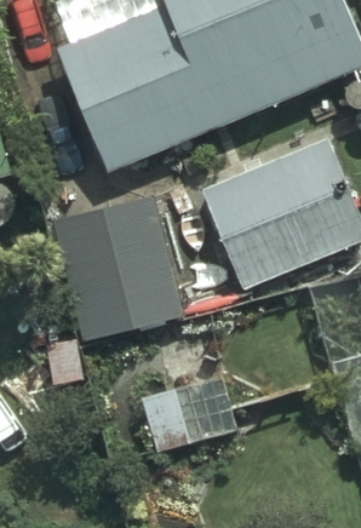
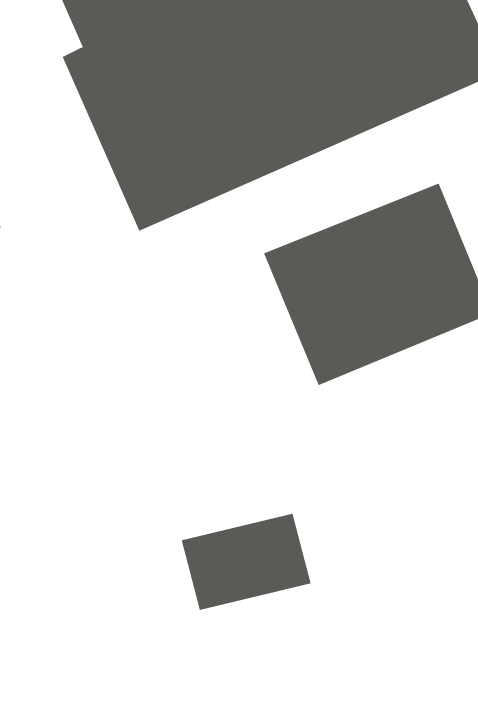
building: [53,188,193,343] -> none

